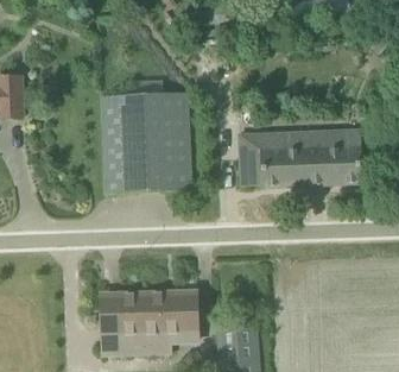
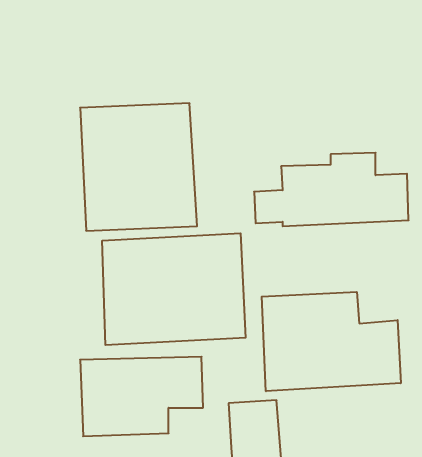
building: none -> [102,233,246,345]
building: none -> [262,292,401,391]

